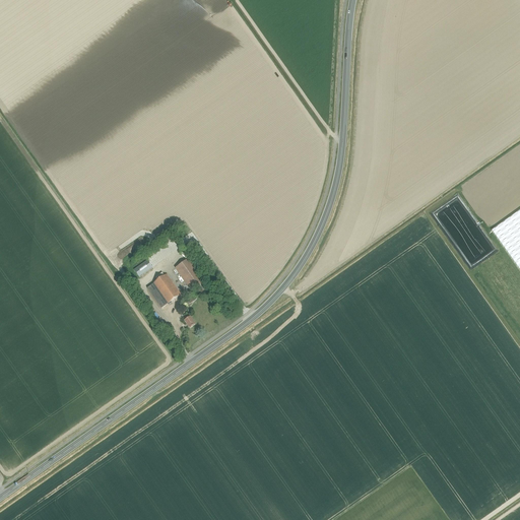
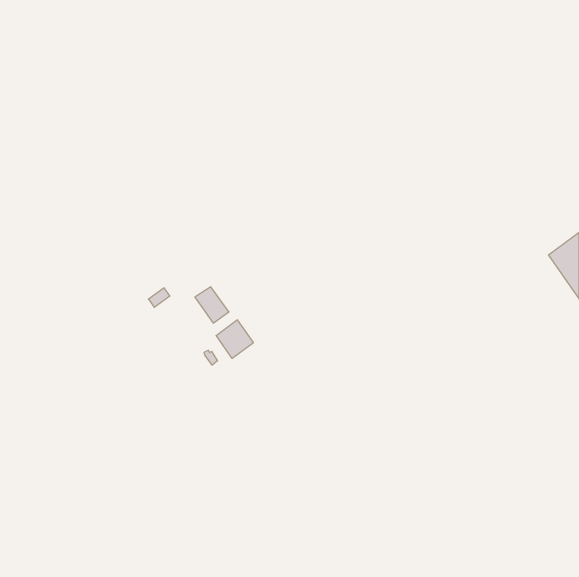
building: [147,272,181,307] -> [216,320,253,358]

